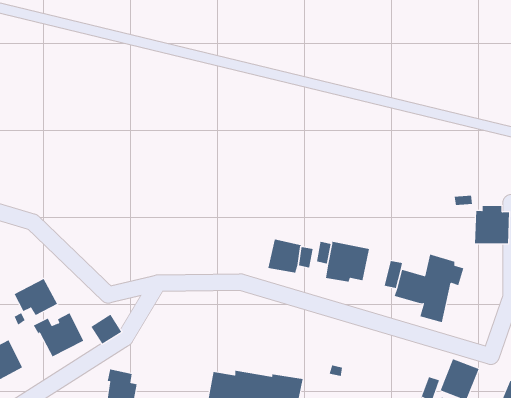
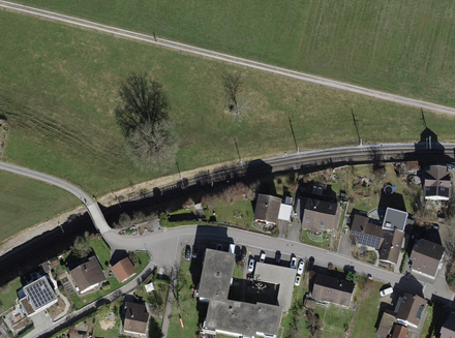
building: [14,278,58,316] -> none
building: none -> [408,240,443,276]
building: none -> [198,251,237,306]
building: none -> [253,260,296,308]
building: none -> [310,273,354,306]

